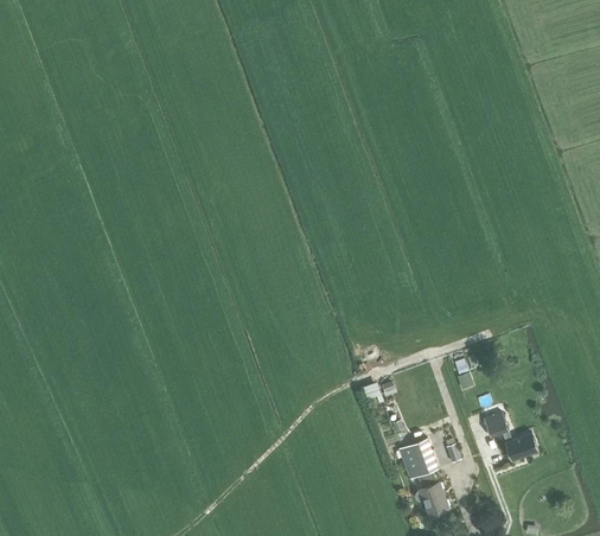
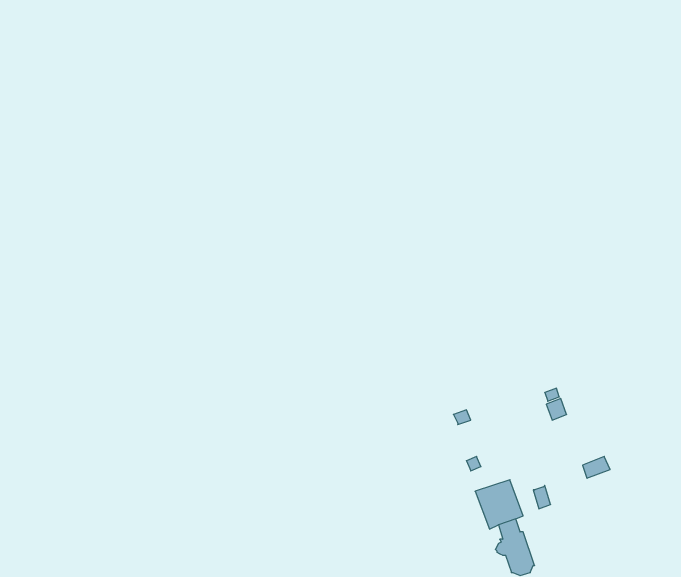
building: [504,432,536,459] -> none

